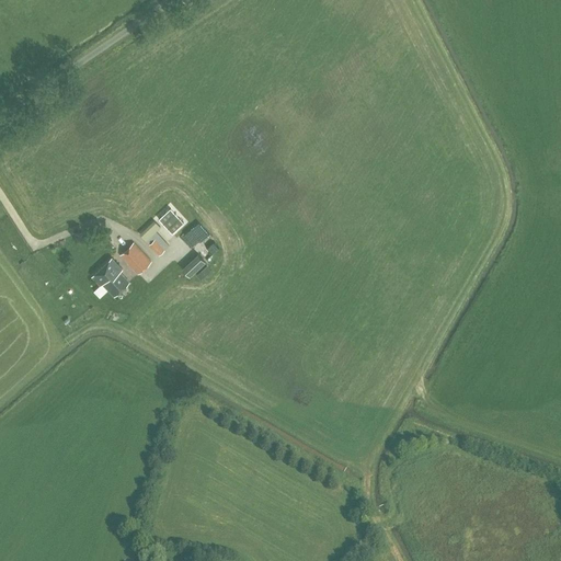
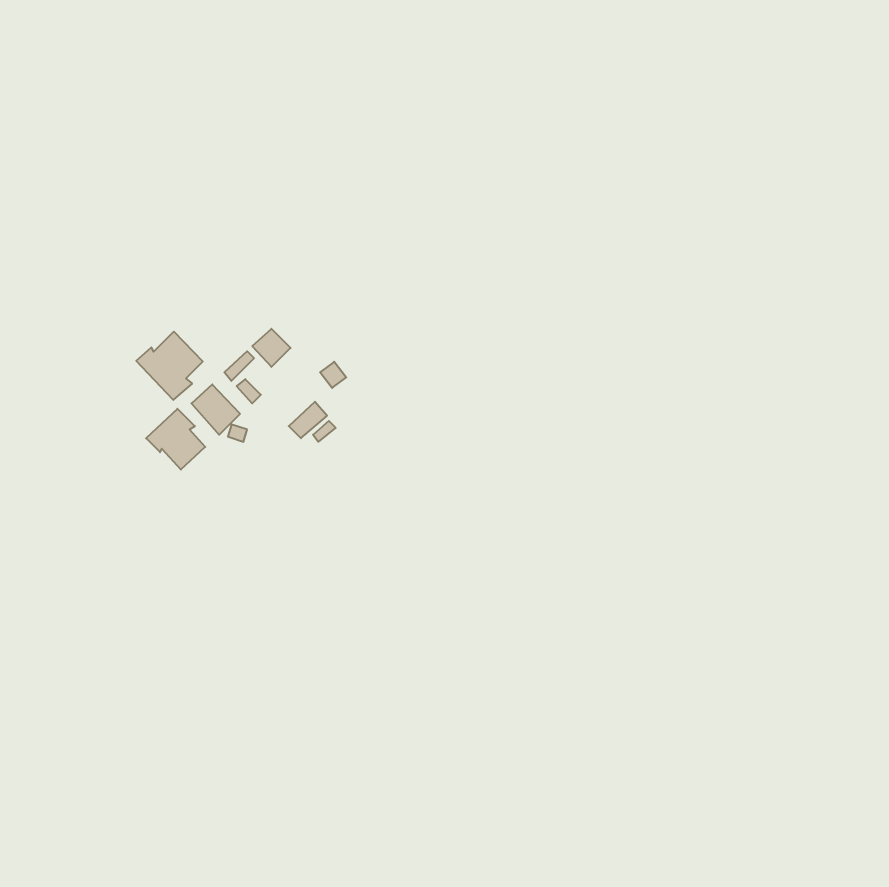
building: none -> [136,332,203,400]

